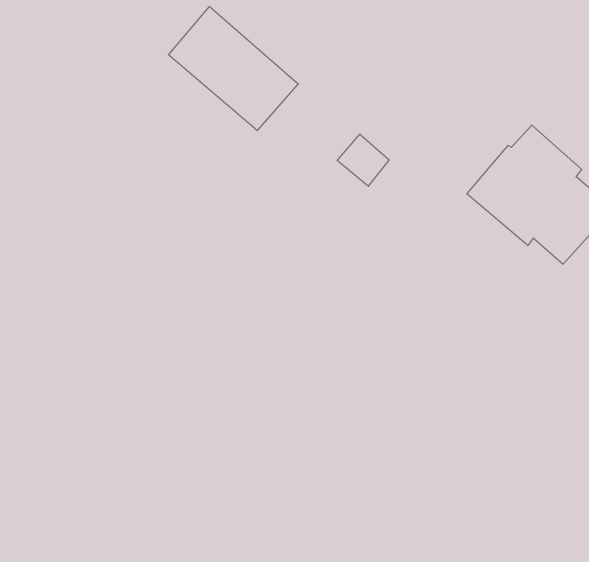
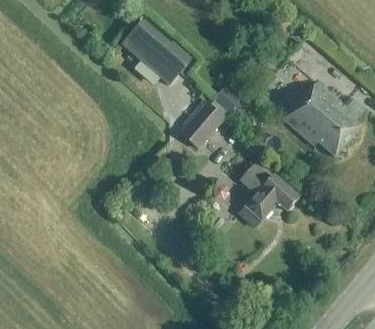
building: none -> [177,103,223,151]
building: none -> [239,164,298,220]

